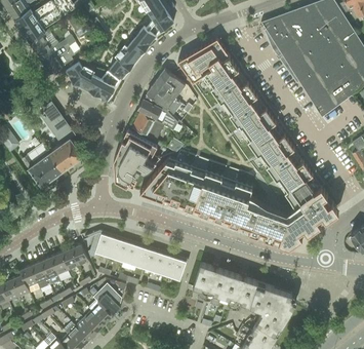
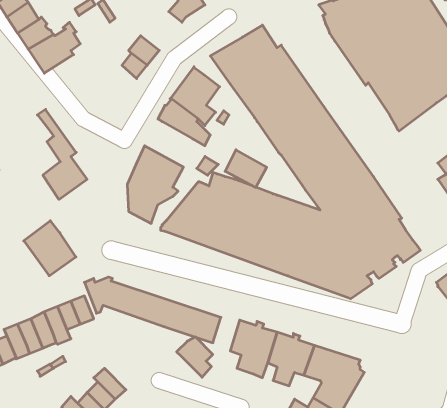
building: [124,27,156,57] -> none
building: [66,63,119,101] -> none
building: [132,112,164,141] -> [225,150,267,187]
building: [22,144,62,186] -> [24,221,76,276]
building: [93,286,121,317] -> [177,337,213,377]

